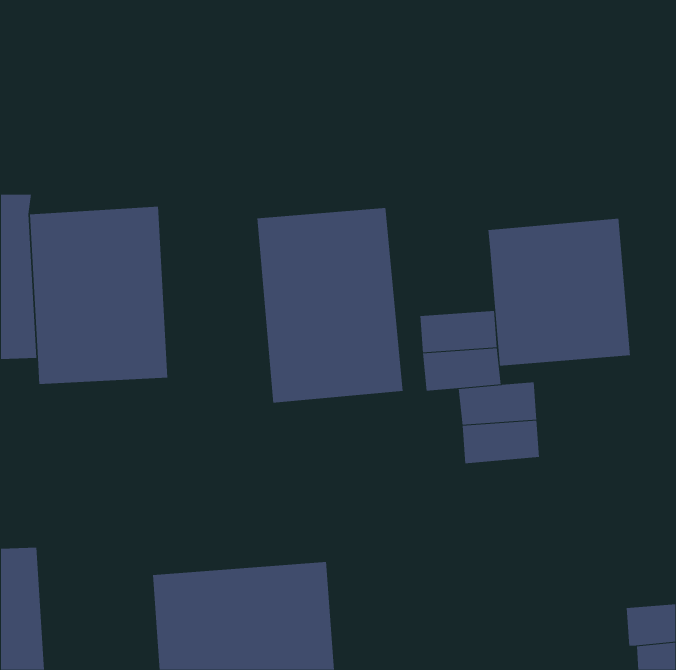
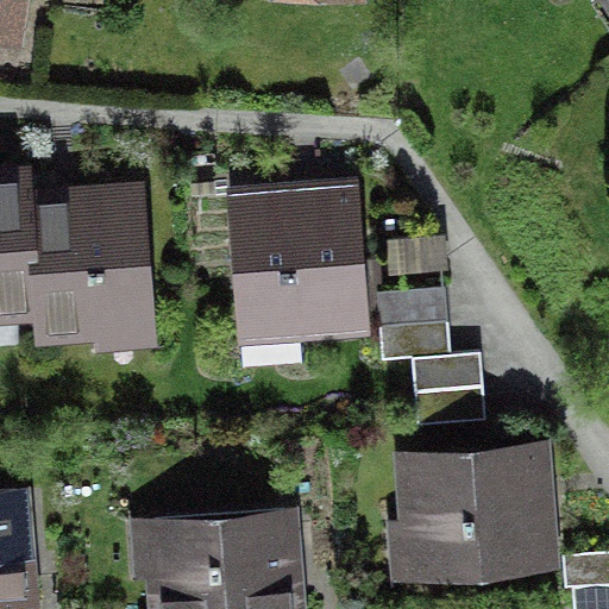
building: [488,218,631,366] -> none
building: none -> [388,451,545,591]

